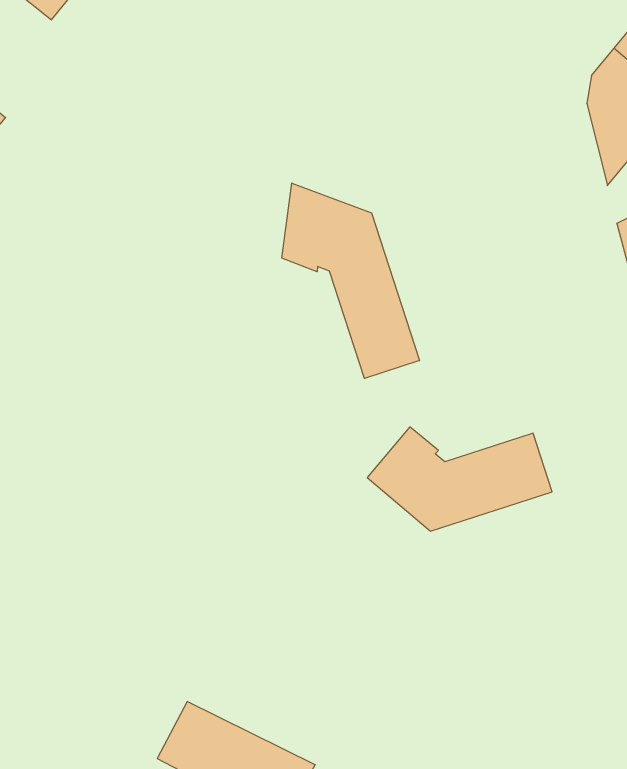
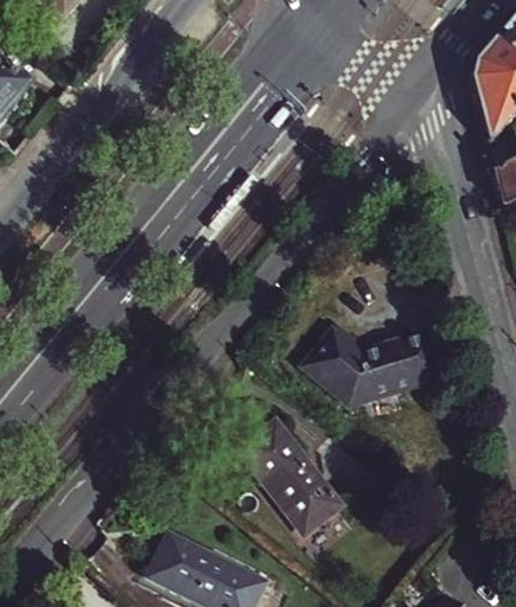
building: [282,183,419,378] -> none
building: none -> [240,420,343,533]

